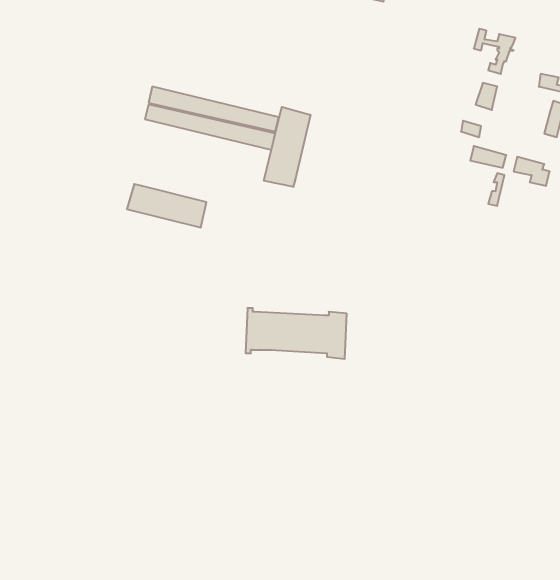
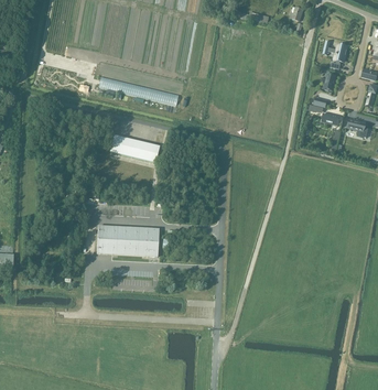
building: [264,107,310,187] -> none
building: [246,308,347,359] -> [97,225,159,256]

